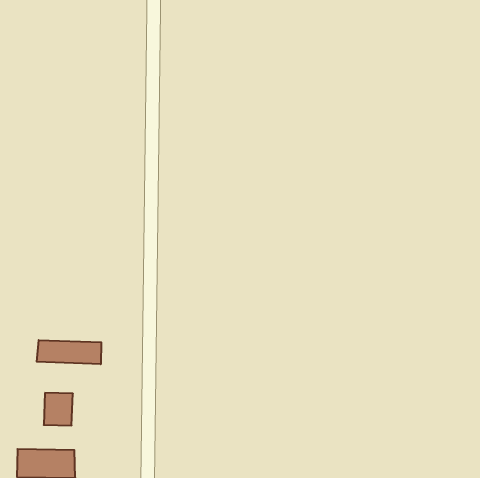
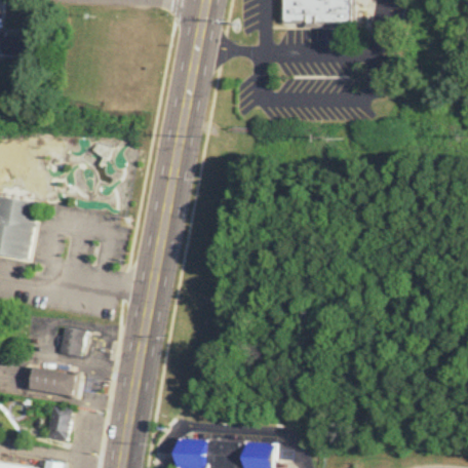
building: [37,340,101,364] -> none

